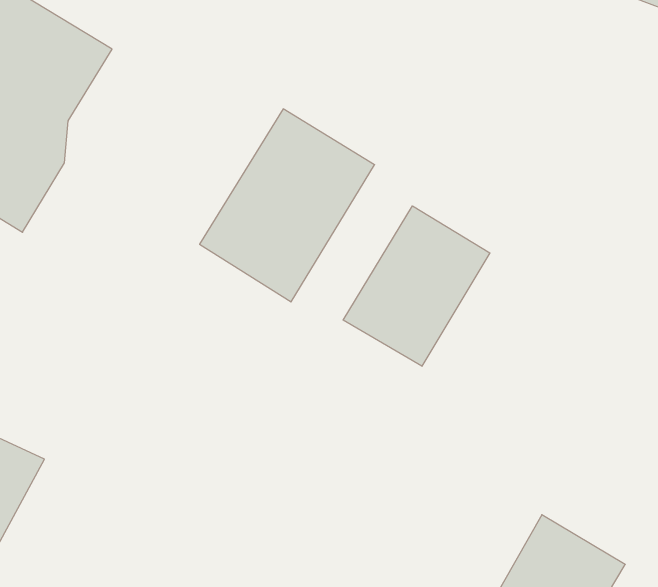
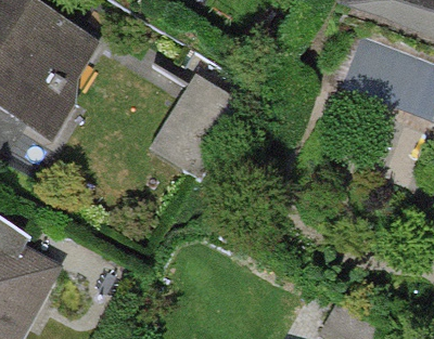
building: [343,206,490,366] -> none

